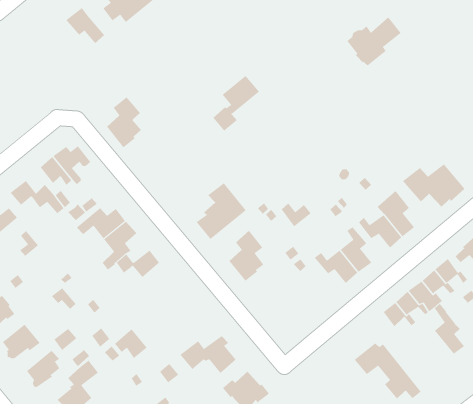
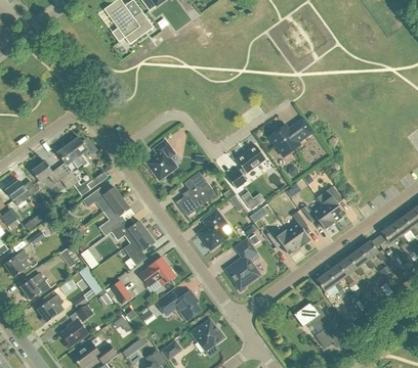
building: [66,7,105,44] -> none
building: [346,16,401,66] -> [268,119,311,156]
building: [212,75,260,132] -> [227,145,265,188]
building: [106,97,142,148] -> [147,140,174,180]
building: [402,164,465,208] -> none
building: none -> [123,231,154,265]
building: none -> [225,239,260,291]
building: none -> [139,258,175,286]
building: [434,303,465,354] -> none

